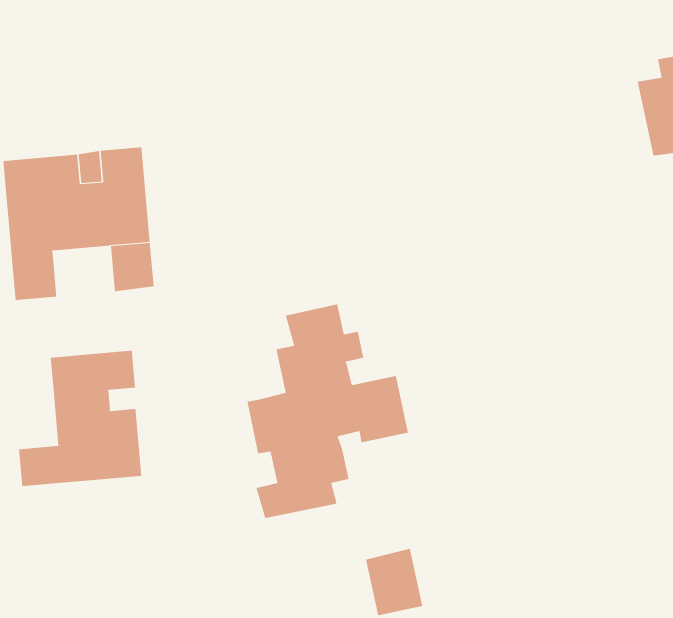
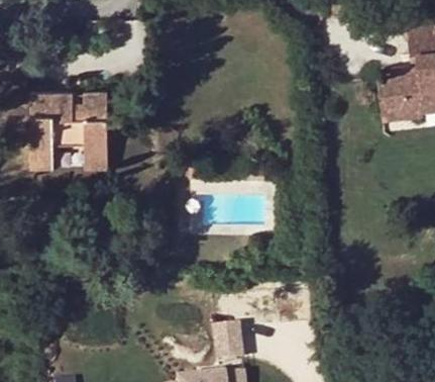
building: [247,303,408,519] -> none
building: [18,350,142,487] -> none

